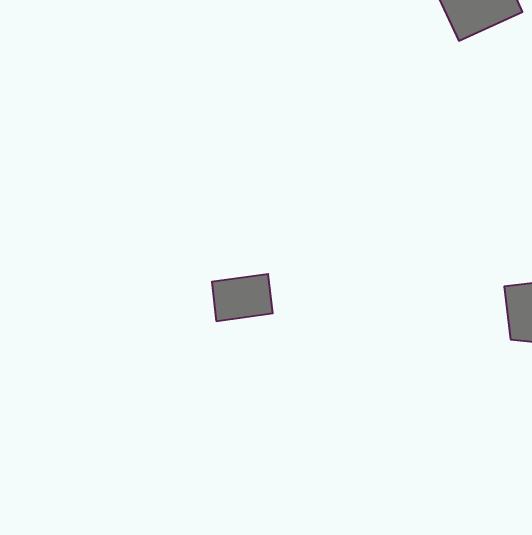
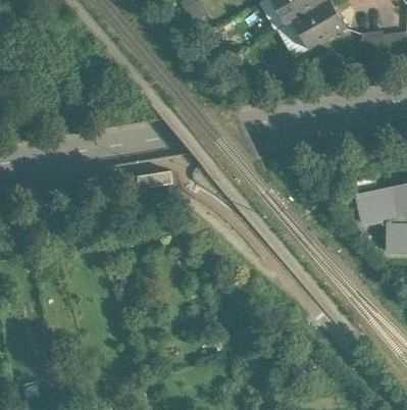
building: [212,274,273,321] -> [132,166,170,198]

